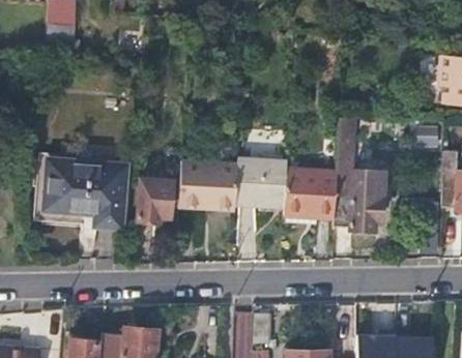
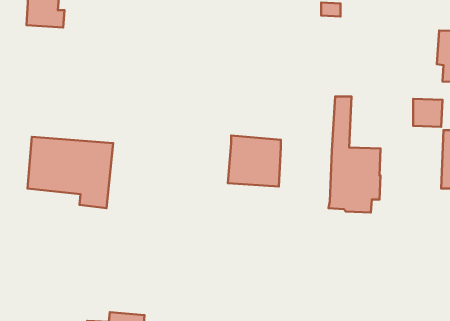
building: [179,159,241,209] -> none
building: [286,169,338,220] -> none
building: [140,179,174,222] -> none

